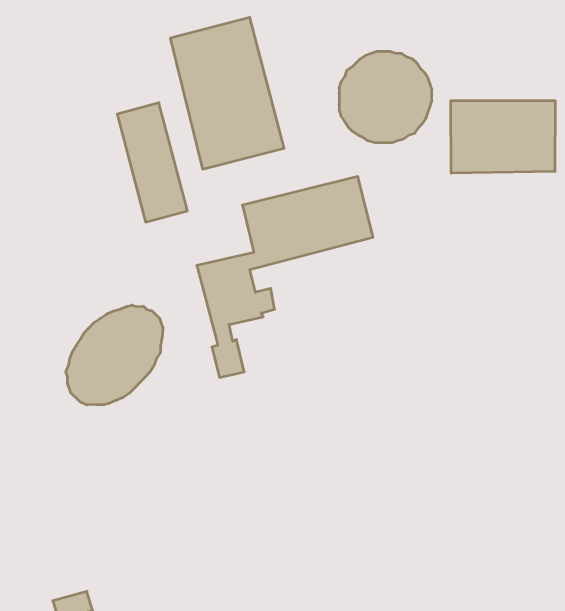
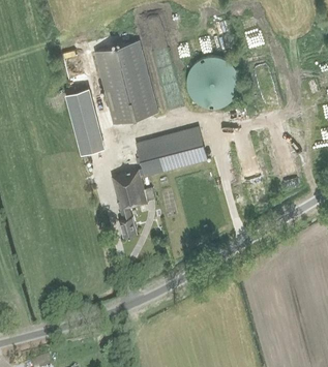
building: [451,101,555,173] -> none
building: [66,305,163,405] -> none

